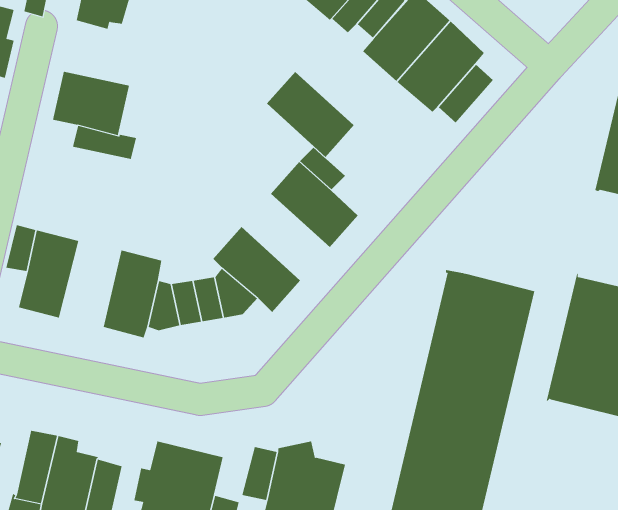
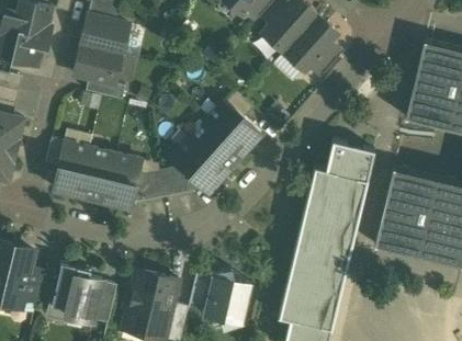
building: none -> [80,15,128,55]
building: [266,71,354,158] -> [189,121,243,173]
building: none -> [325,139,374,180]
building: none -> [78,149,115,202]

